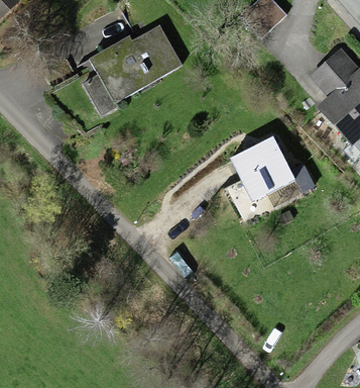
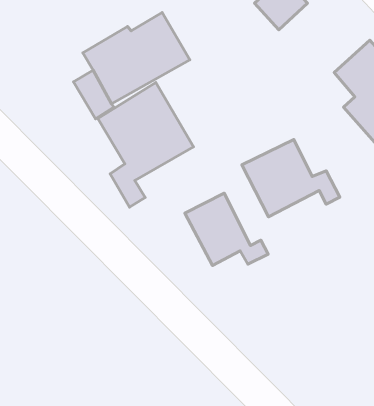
building: none -> [98,83,194,207]
building: none -> [185,193,268,266]

